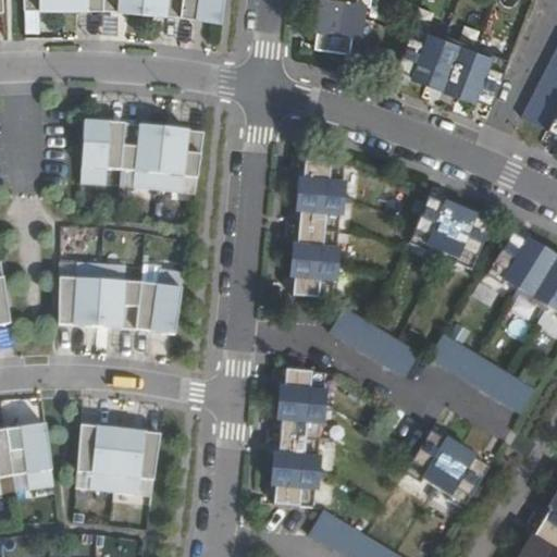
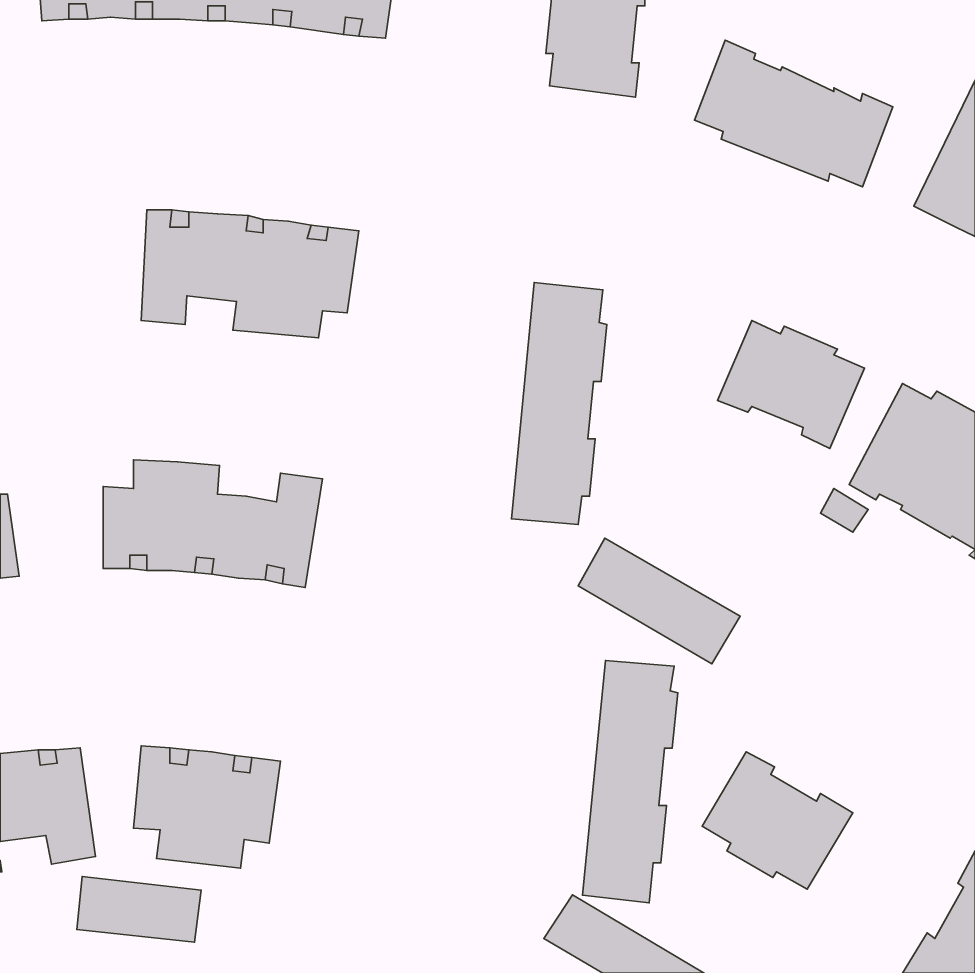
building: [428,334,532,412] -> none
building: [271,370,325,508] -> [582,660,678,903]
building: none -> [77,877,201,942]

